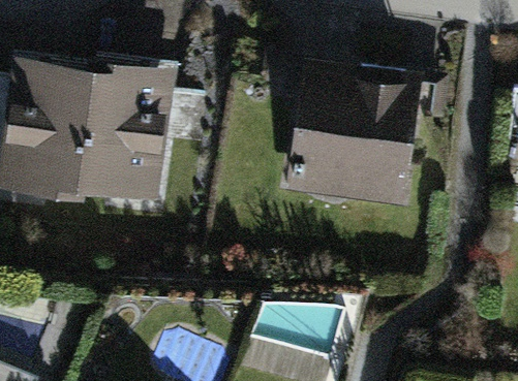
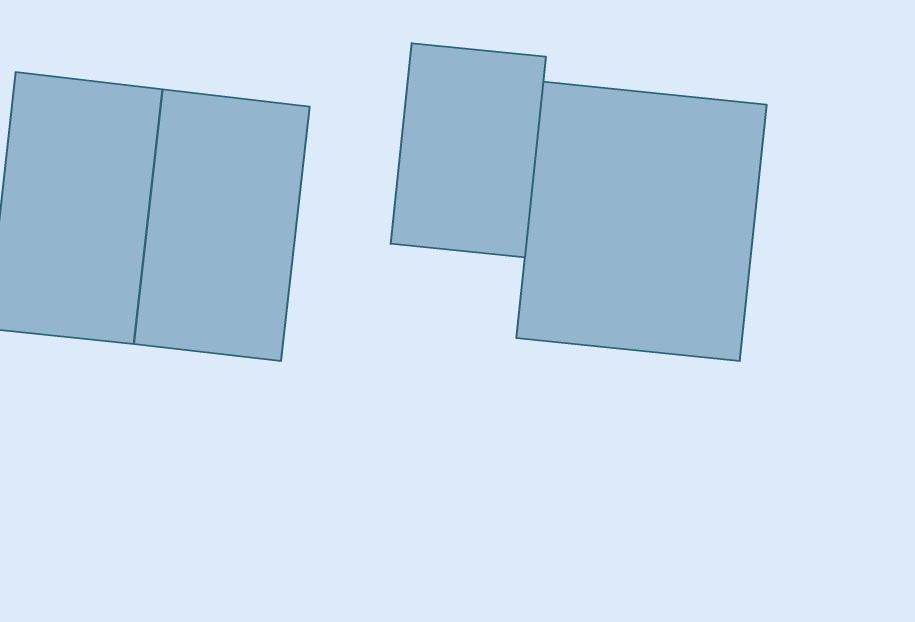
building: none -> [391,43,546,257]

